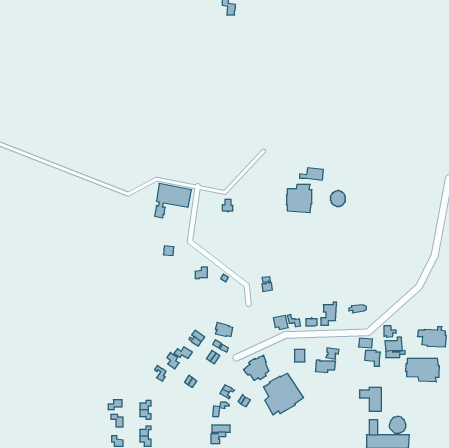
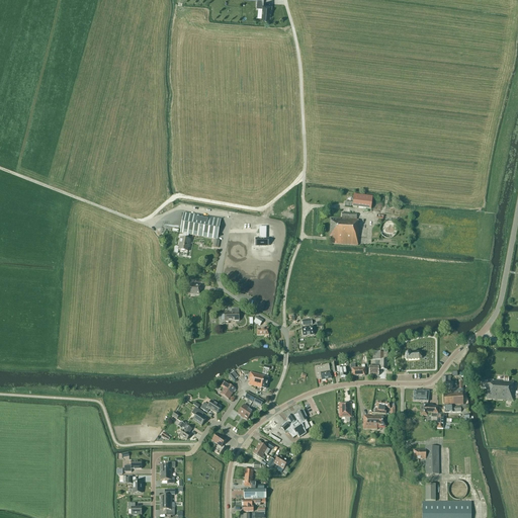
building: [406,358,439,382] -> none
building: [263,373,304,415] -> none

